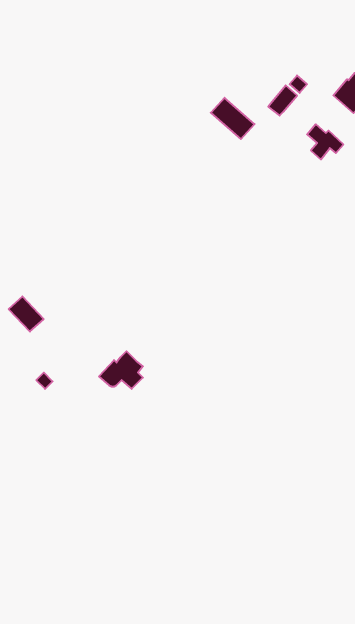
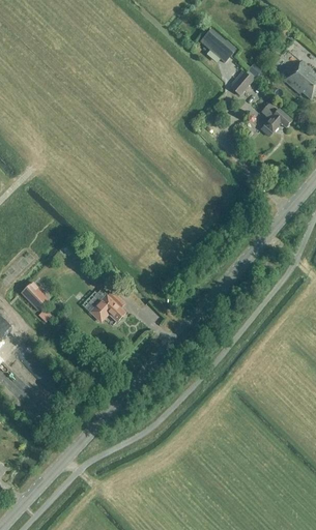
building: [211,98,255,139] -> [199,29,235,63]
building: [9,296,44,332] -> [20,283,49,312]

